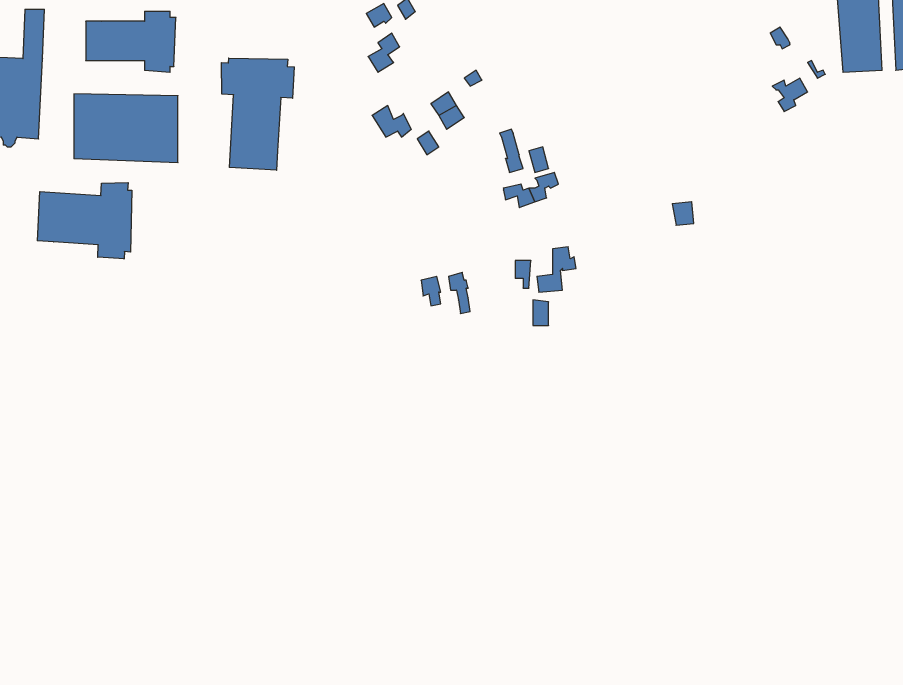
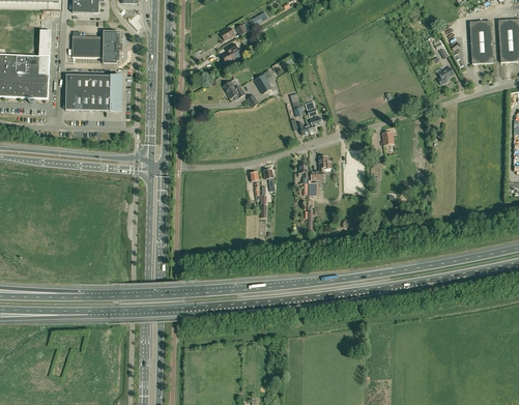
building: [221,58,294,170] -> none
building: [37,183,132,259] -> none

